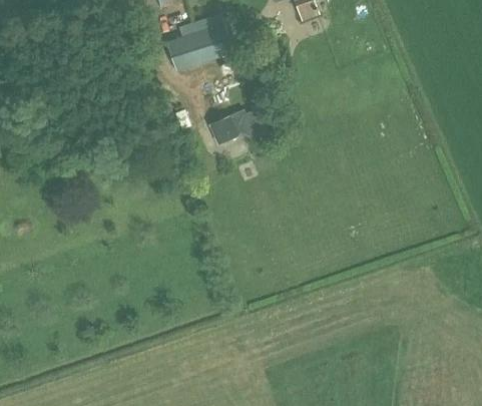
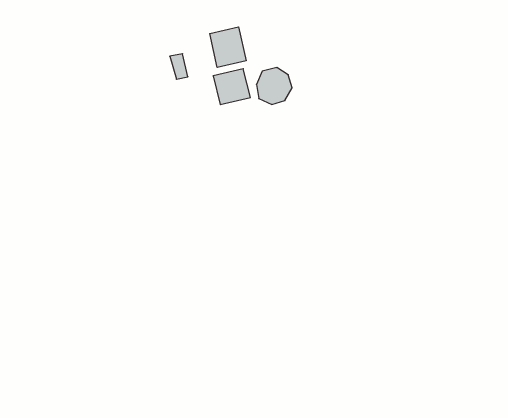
building: none -> [210,27,246,67]

